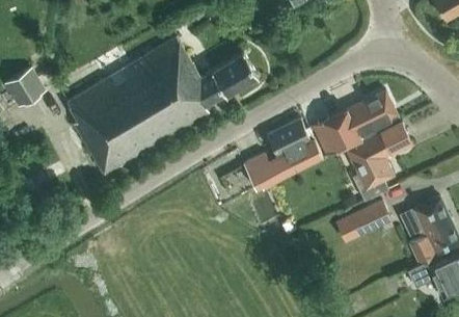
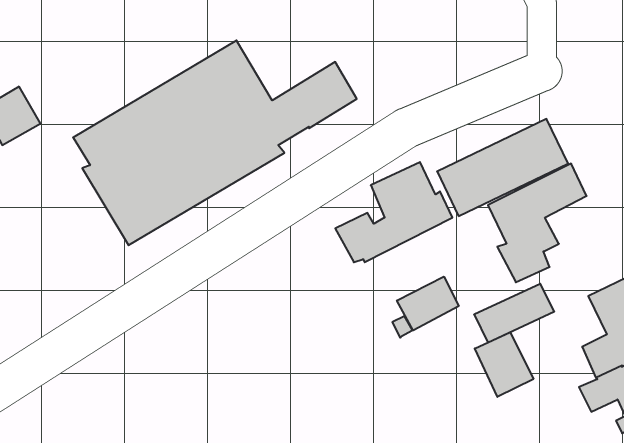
building: none -> [397,277,459,330]
building: none -> [475,332,533,397]

